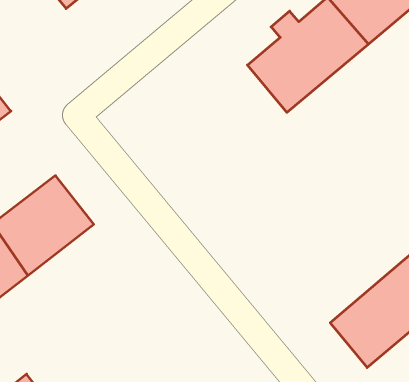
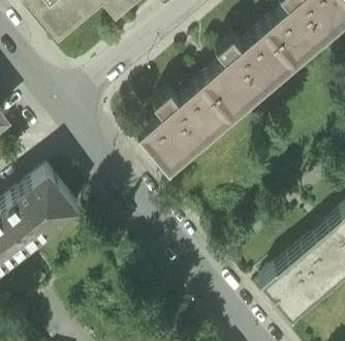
building: none -> [139,83,231,172]

